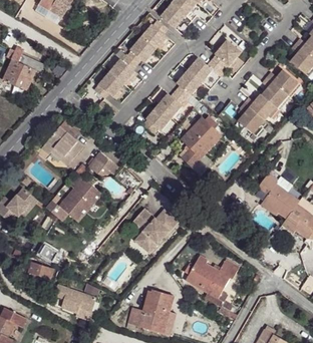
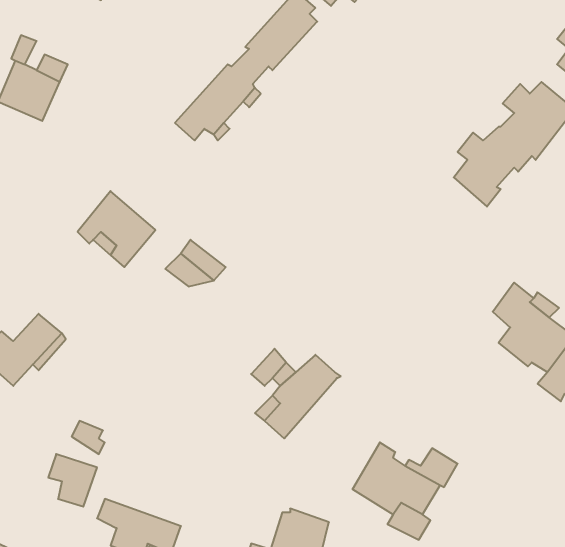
building: [143,38,243,131] -> none
building: [183,118,221,166] -> none
building: [59,177,101,222] -> none

